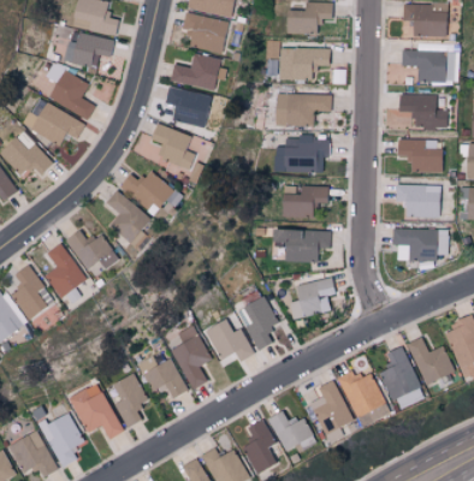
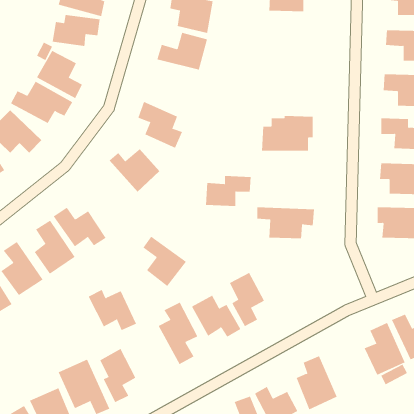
building: [278,48,328,81] -> none
building: [165,87,212,127] -> none
building: [274,94,331,127] -> none
building: [280,186,327,218] -> [205,176,252,206]
building: [106,191,150,243] -> [143,236,187,287]
building: [289,279,333,320] -> none
building: [138,357,188,399] -> [88,289,137,331]
building: [338,370,386,418] -> none

